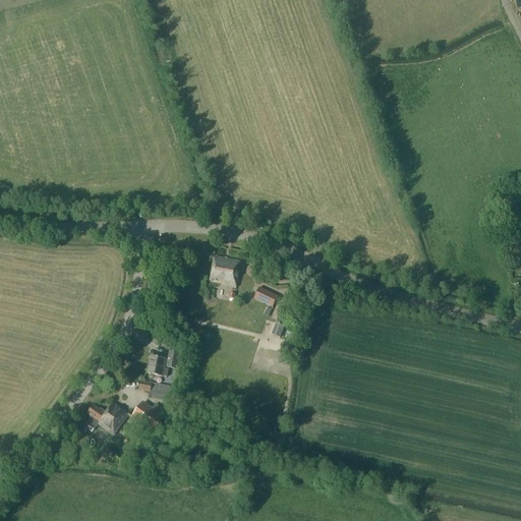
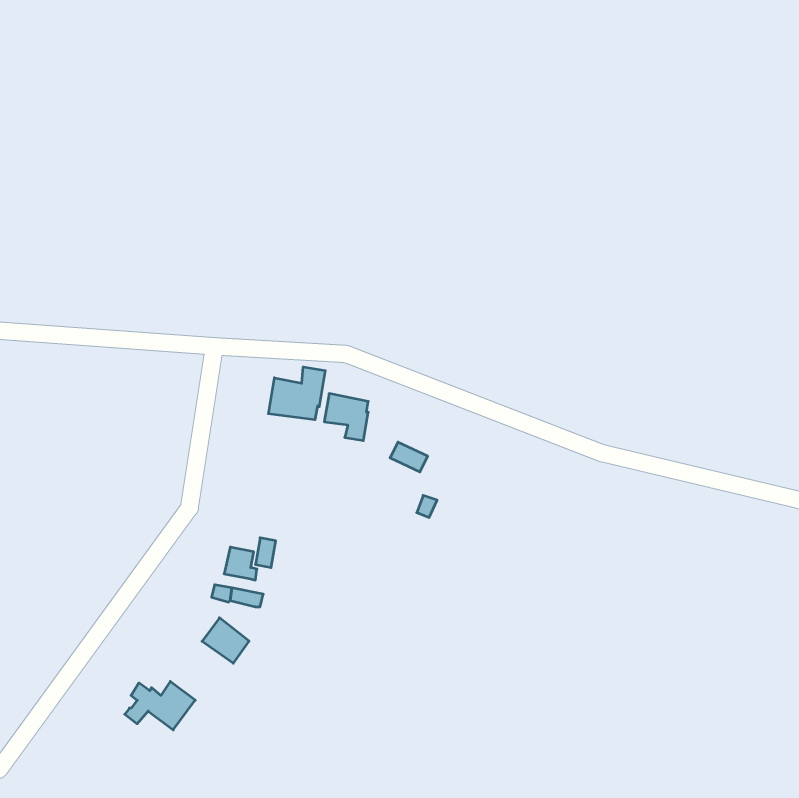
building: none -> [268,367,325,420]
building: [82,402,128,433] -> [125,681,195,730]

